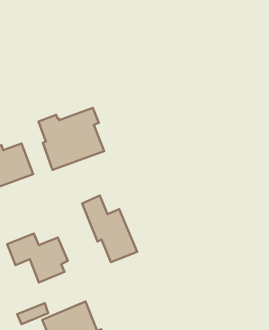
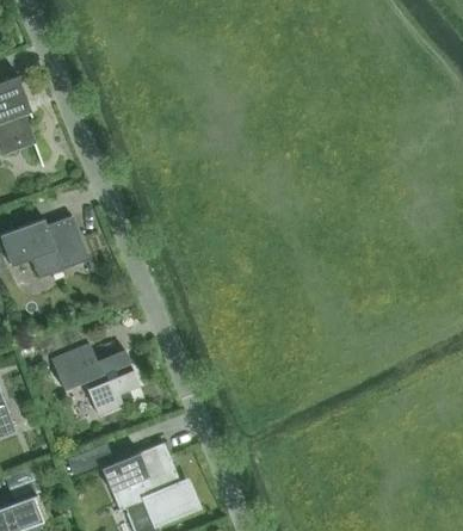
building: [38,108,104,170] -> none
building: [82,196,137,262] -> none

